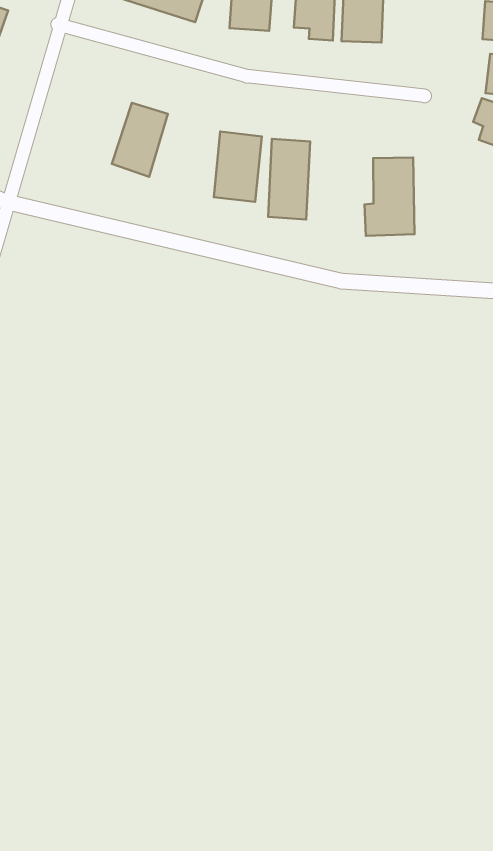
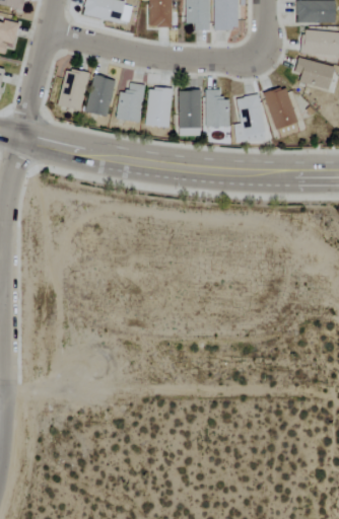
building: none -> [60,69,89,110]
building: none -> [118,84,145,122]
building: none -> [206,89,230,128]
building: none -> [266,87,296,130]

